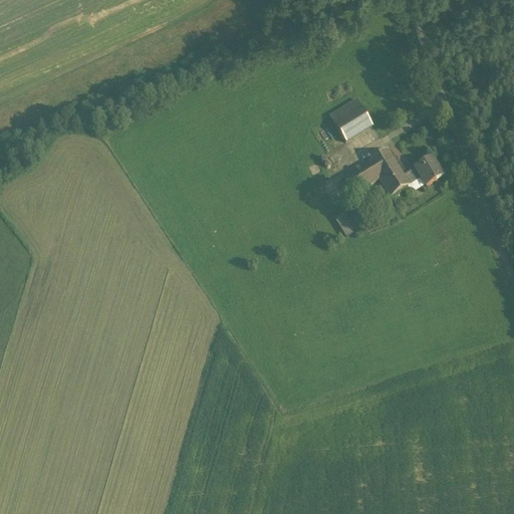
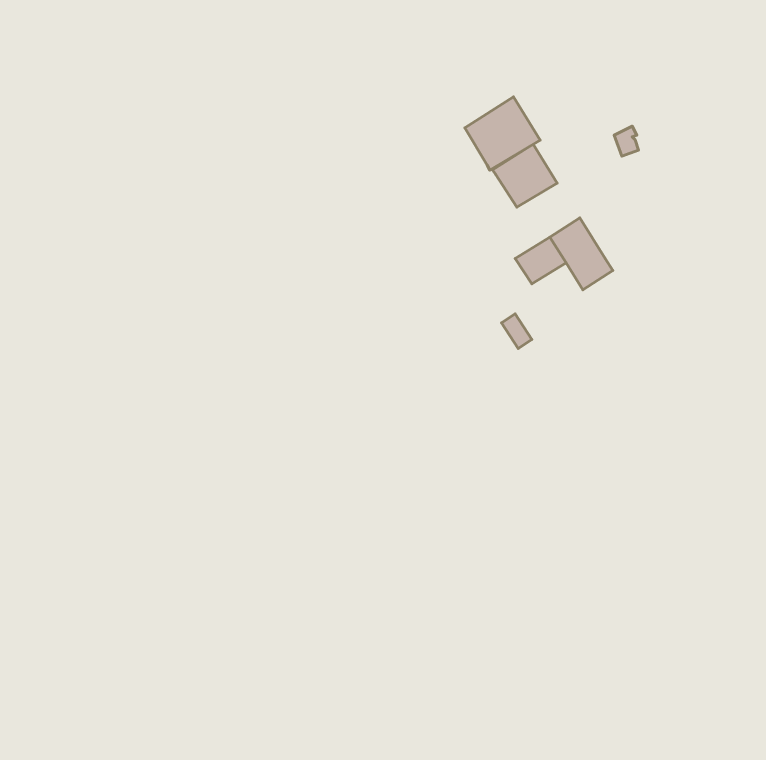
building: none -> [465,97,540,170]
building: [406,154,444,183] -> none

